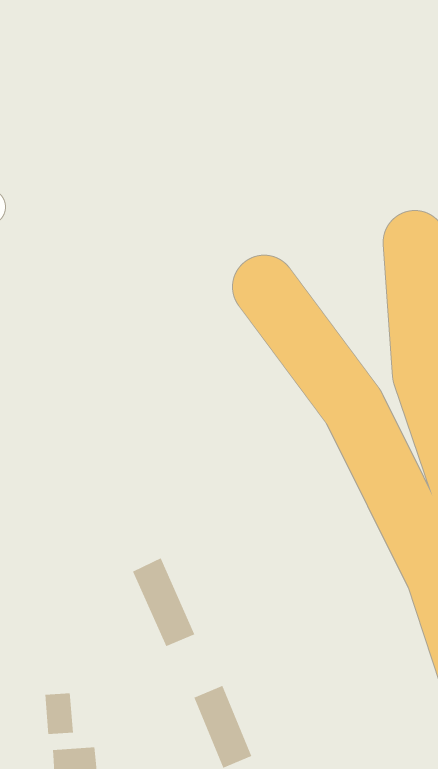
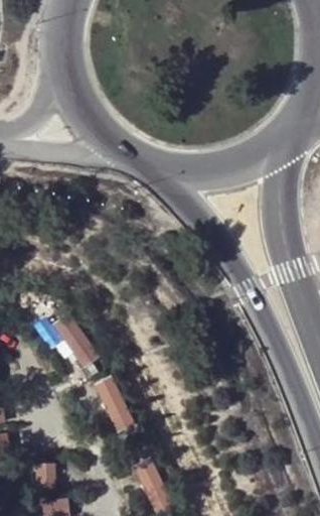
building: none -> [55,311,98,369]

